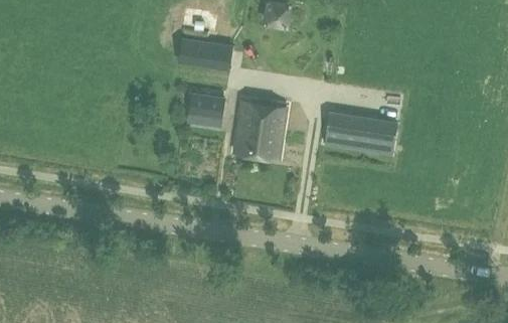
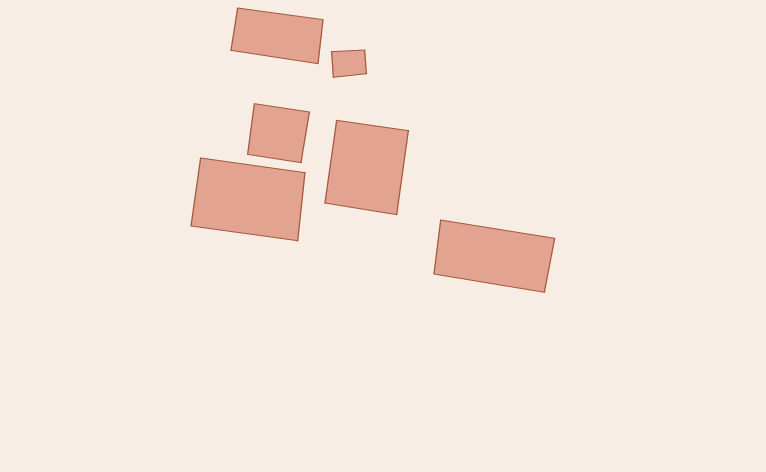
building: [324,113,396,156] -> [434,220,555,292]
building: none -> [191,158,305,241]

